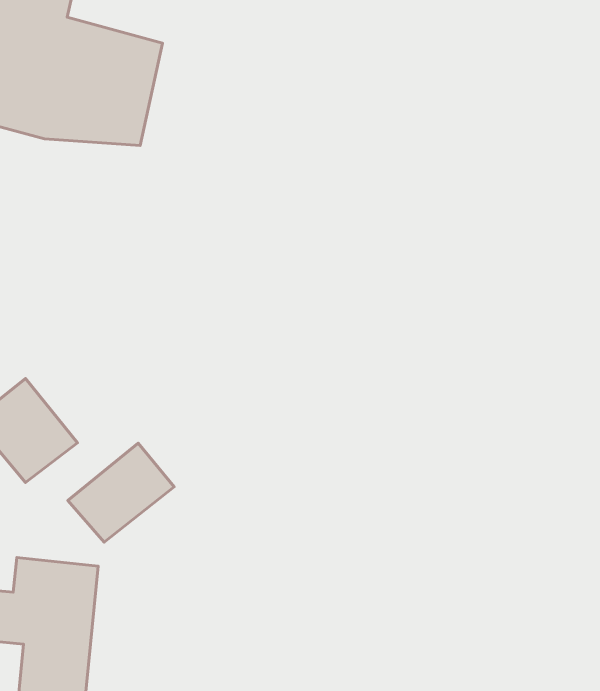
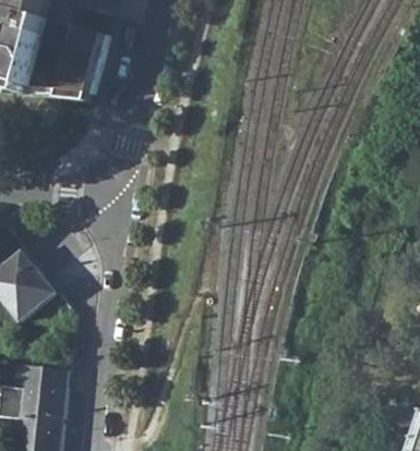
building: [68,443,174,542] -> none

